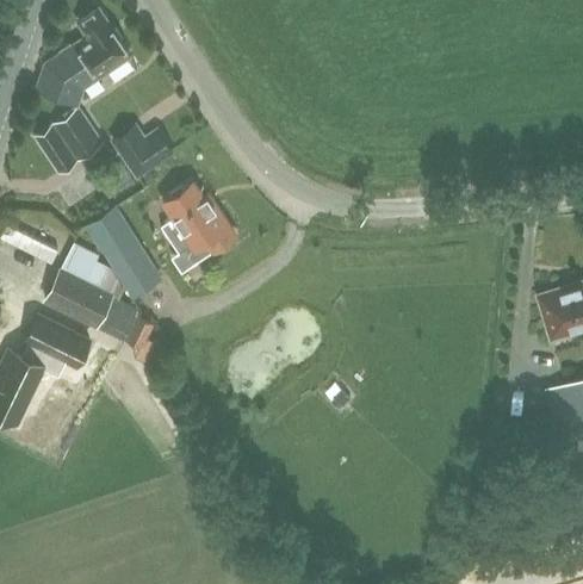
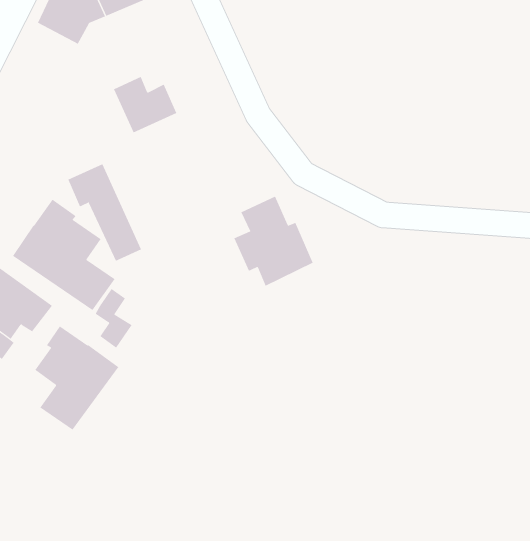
building: [35,110,101,173] -> none
building: [161,185,235,266] -> [234,196,314,286]
building: none -> [34,326,119,430]

